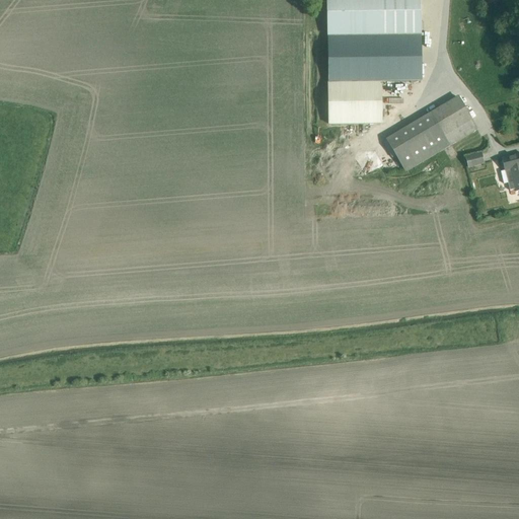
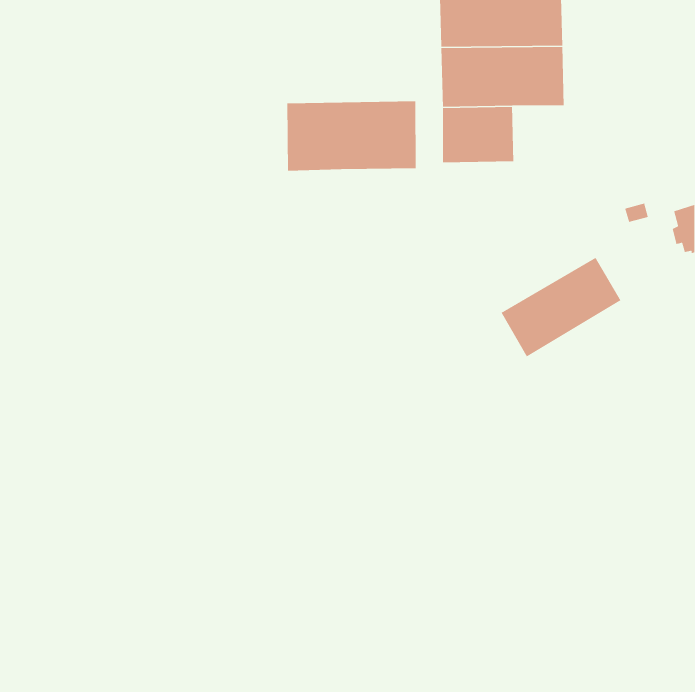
building: none -> [287,100,417,171]
building: [386,95,476,170] -> [501,257,622,357]

